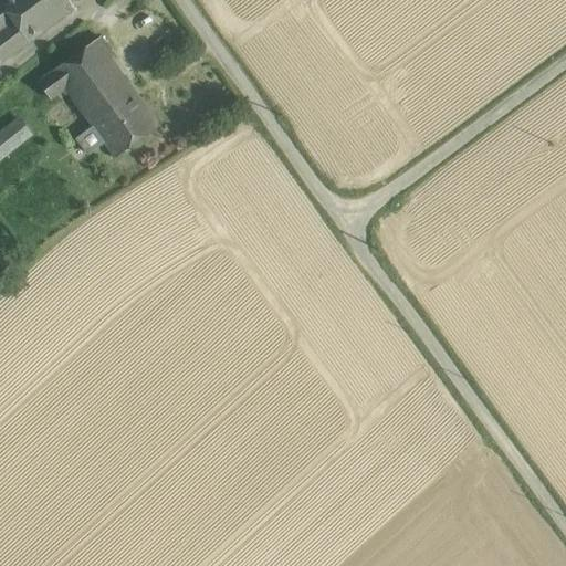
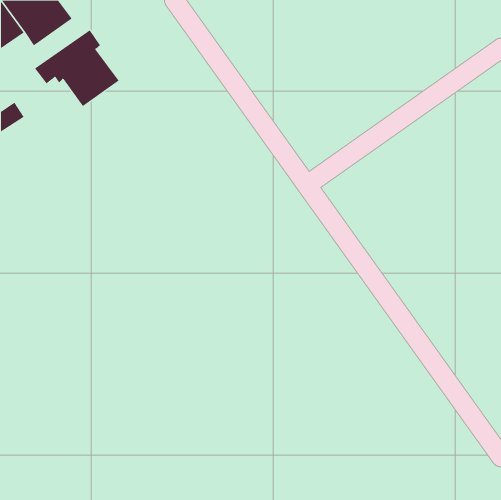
building: [76,92,157,153] -> none

